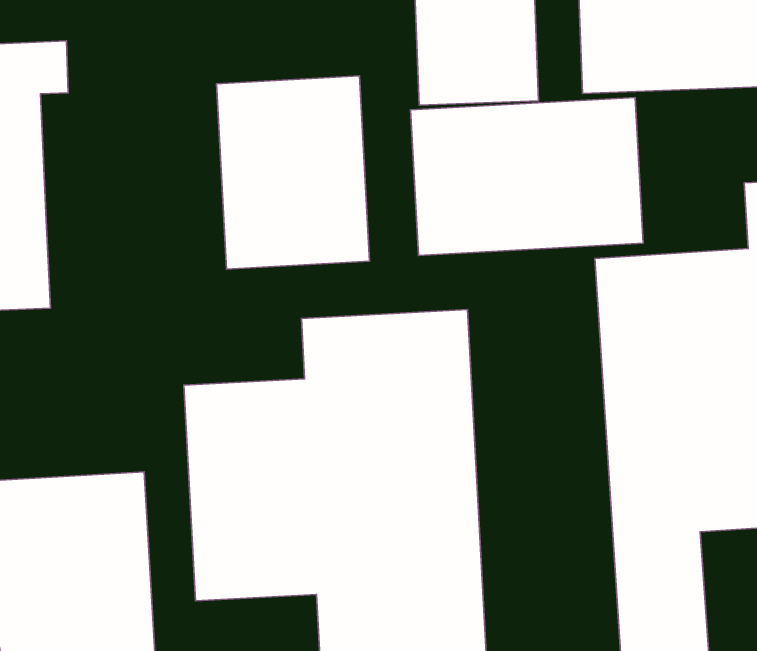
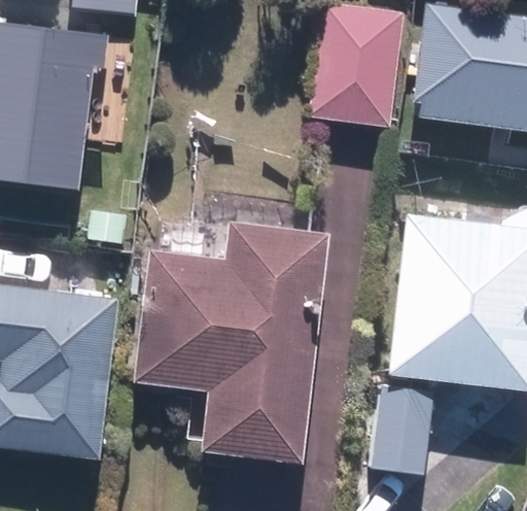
building: [216,76,370,269] -> none
building: [410,98,643,255] -> none

